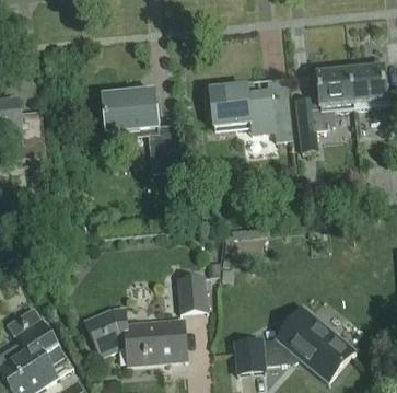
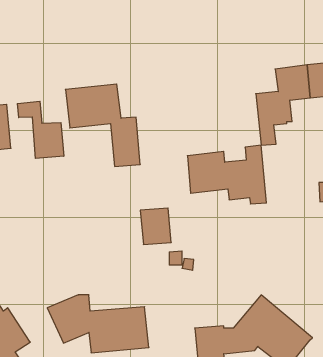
building: [210,79,291,139] -> [187,145,266,204]
building: none -> [17,101,64,158]
building: [177,276,209,313] -> [140,208,171,244]

